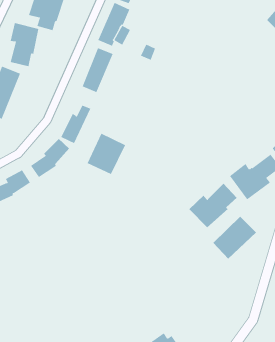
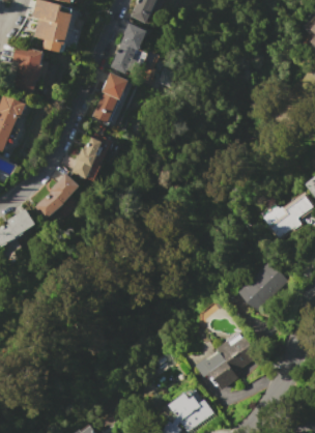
building: [87,133,126,175] -> none
building: [189,183,238,228] -> none
building: none -> [196,336,260,388]

